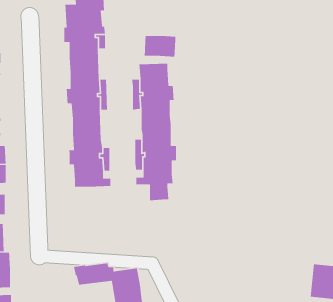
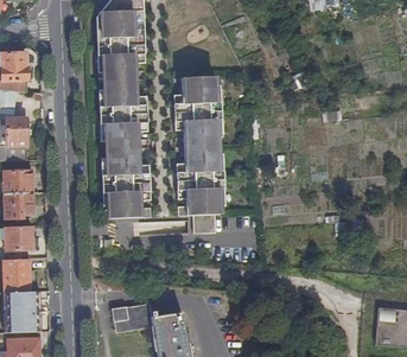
building: [144,35,176,57] -> none

